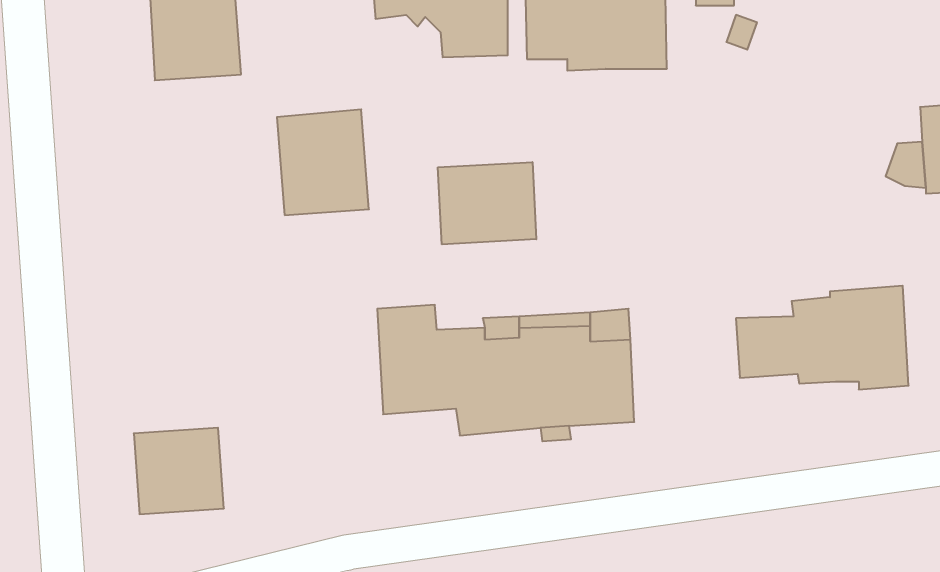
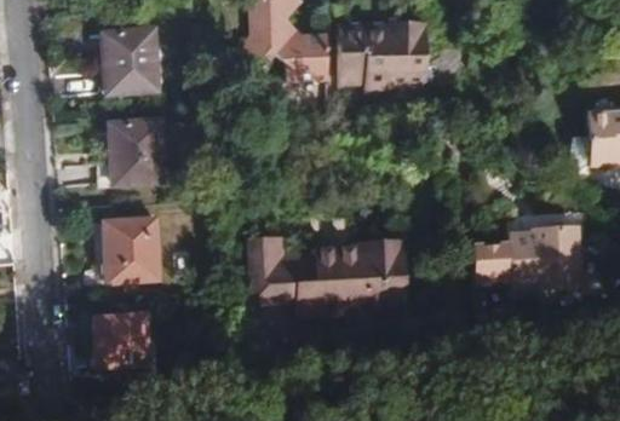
building: [277,109,369,215] -> [108,116,166,183]
building: [438,162,536,244] -> none
building: none -> [103,215,161,282]

